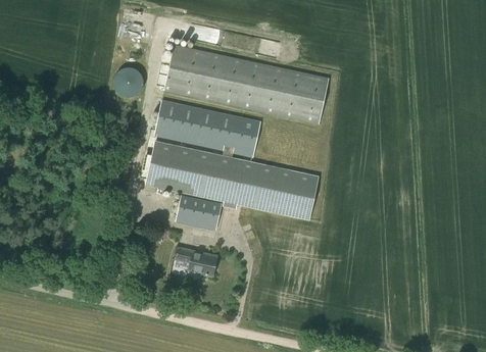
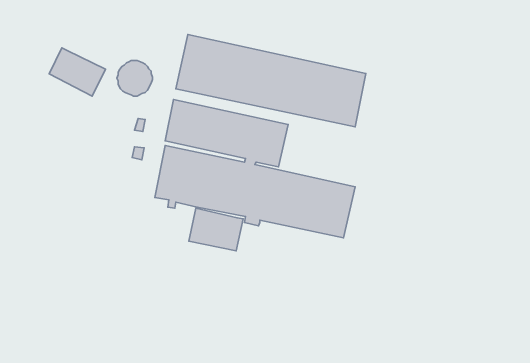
building: none -> [49,48,106,96]
building: [176,247,218,275] -> none

